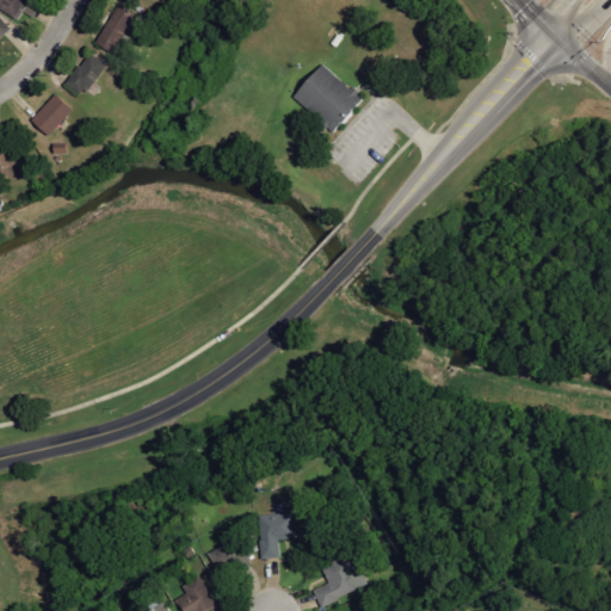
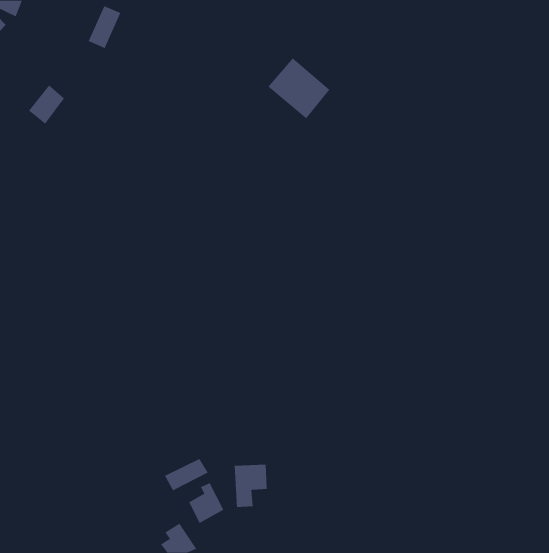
building: [64,54,105,98] -> none
building: none -> [164,458,208,491]
building: [314,556,368,605] -> none

